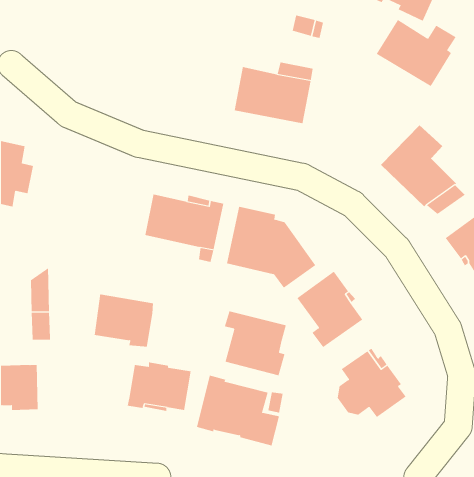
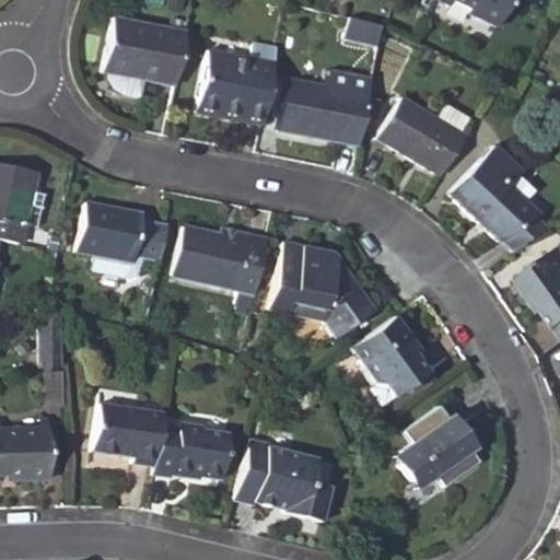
building: none -> [104,16,187,84]
building: [376,19,457,87] -> [377,96,471,175]
building: none -> [196,42,278,125]
building: none -> [77,201,167,281]
building: [94,294,154,347] -> [94,402,164,465]
building: [224,310,287,376] -> none

